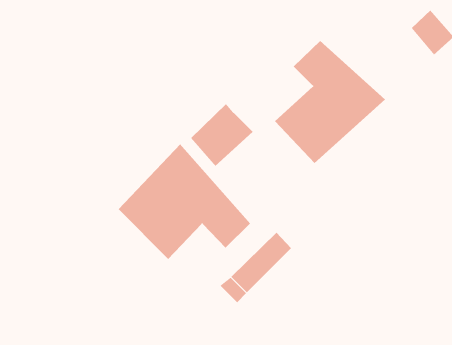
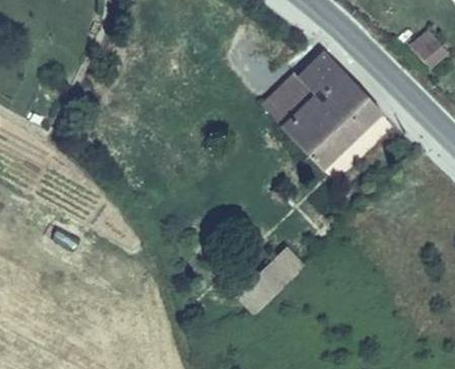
building: [190,103,254,167] -> [260,70,319,129]
building: [118,143,251,260] -> none

